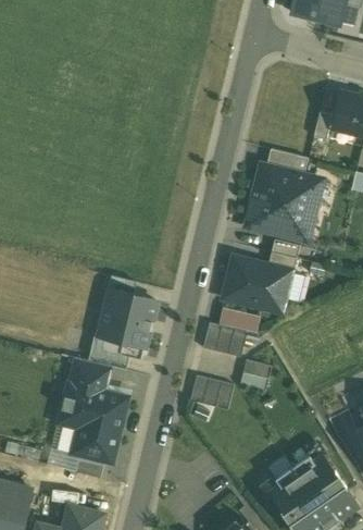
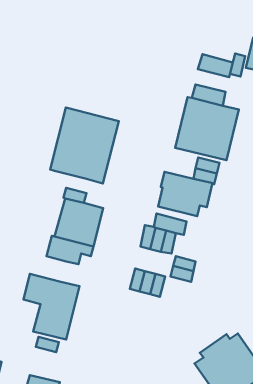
building: none -> [198,54,233,77]
building: none -> [50,107,119,183]
building: [67,357,112,392] -> none

